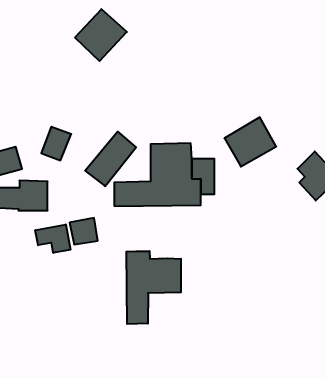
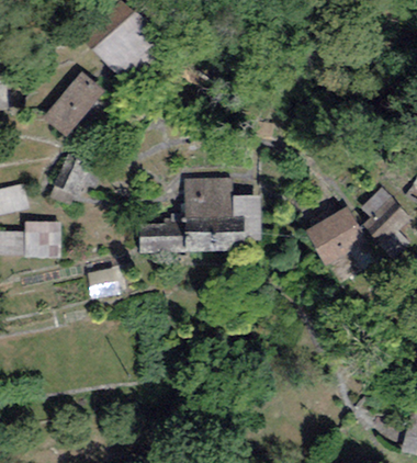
building: [224,117,276,167] -> [305,205,368,264]
building: [85,132,136,186] -> [42,70,103,136]
building: [35,224,70,253] -> none
building: [126,251,181,324] -> none

